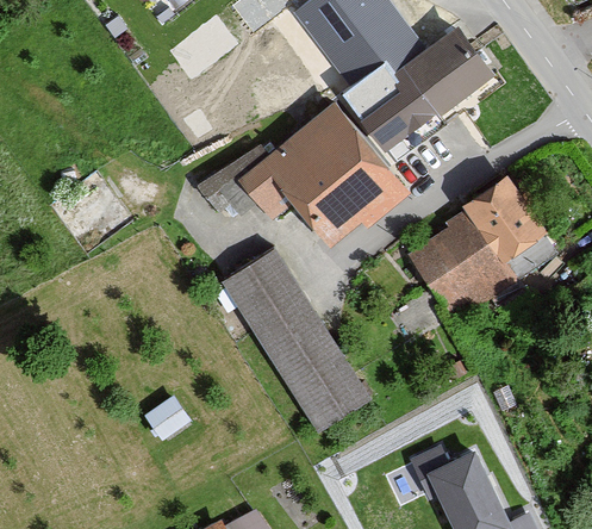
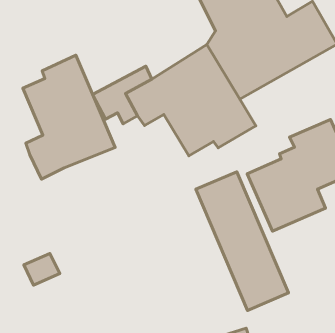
building: none -> [23,55,115,179]
building: [228,254,368,429] -> [196,172,289,310]

